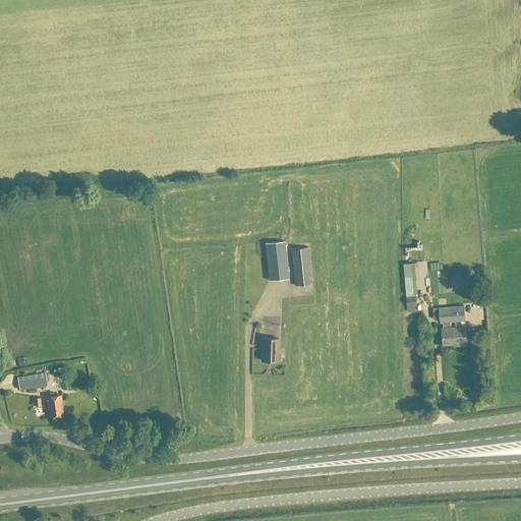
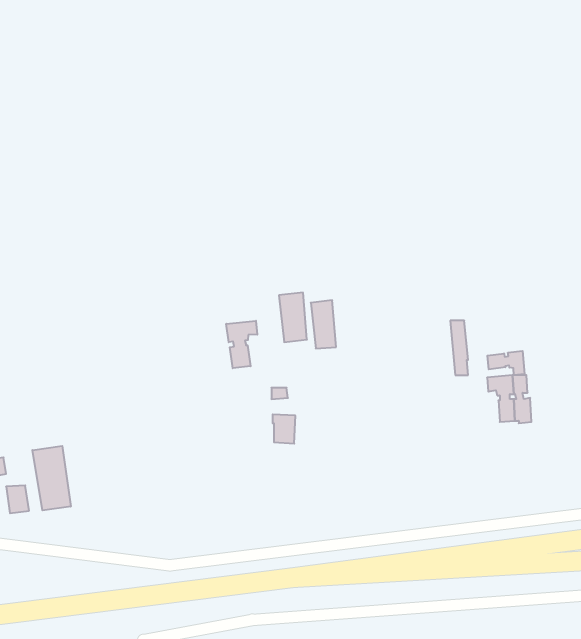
building: none -> [226,321,257,368]
building: none -> [487,351,525,375]
building: none -> [32,446,71,510]

